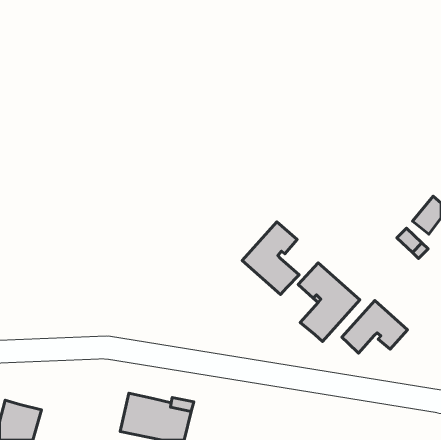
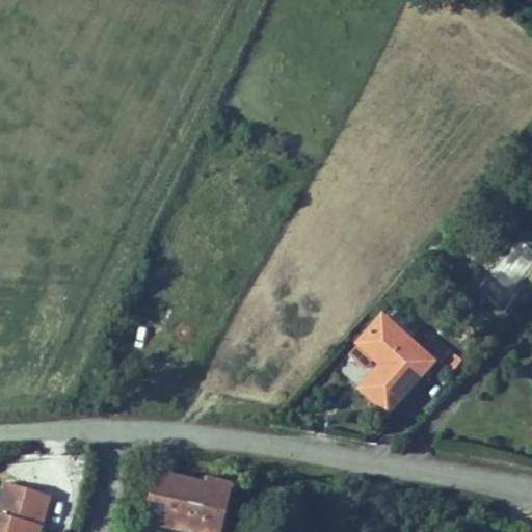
building: [242,222,299,295] -> none
building: [342,300,407,353] -> none

